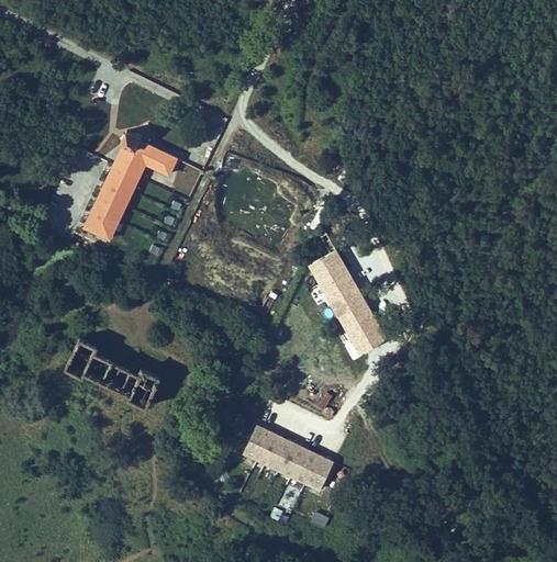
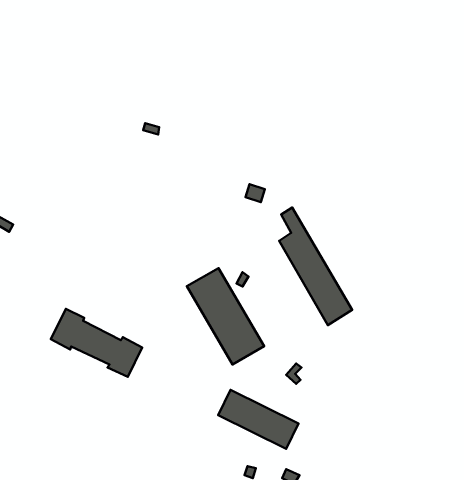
building: [82,131,178,240] -> none
building: none -> [187,268,264,364]

